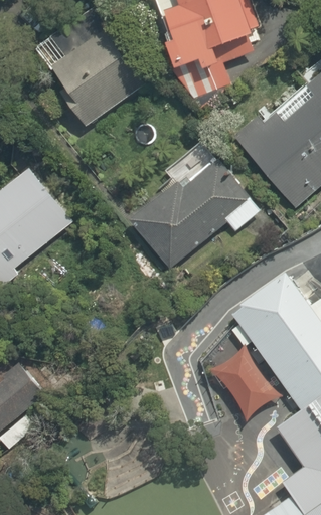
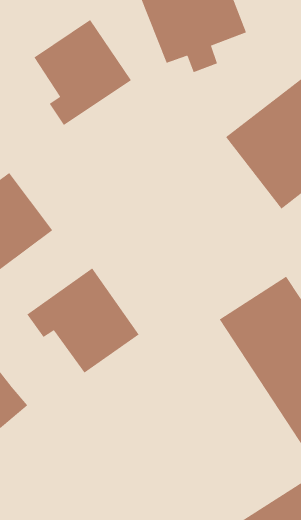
building: [122,159,265,273] -> none
building: none -> [27,268,139,374]
building: [211,348,275,418] -> none

